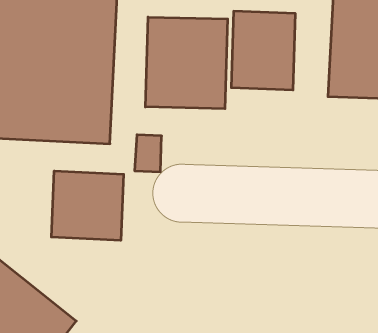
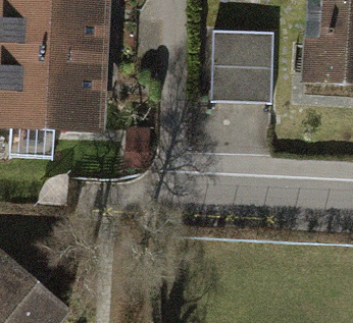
building: [145,17,228,109] -> none
building: [51,171,124,240] -> none

